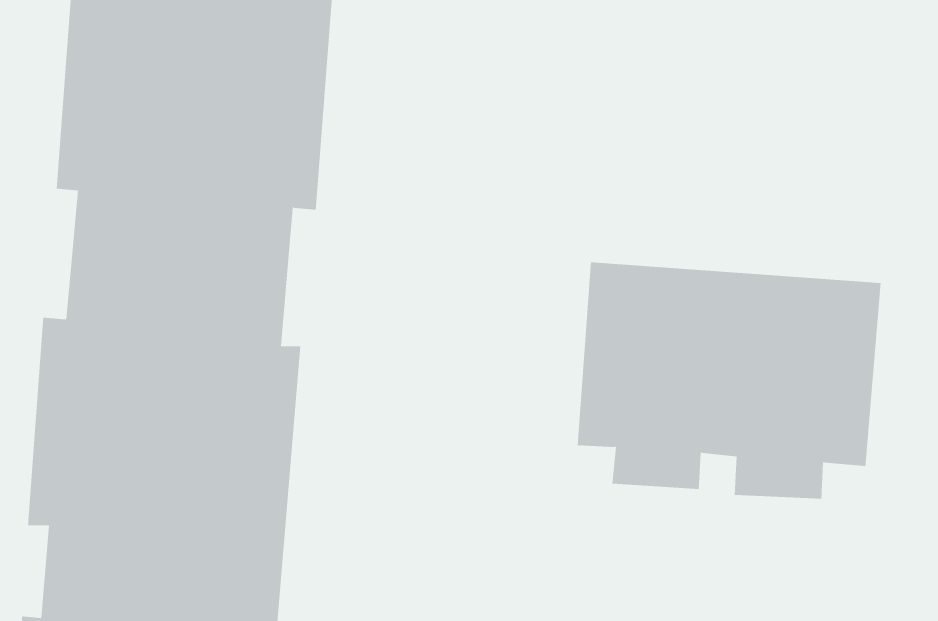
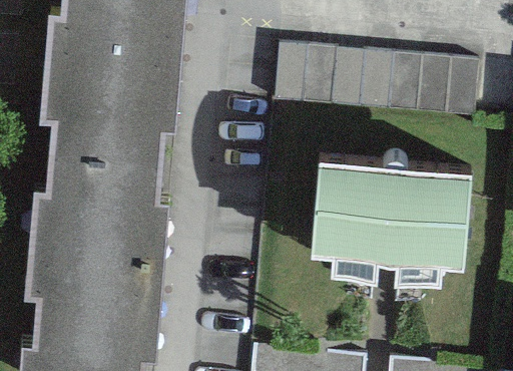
building: none -> [275,43,479,118]

